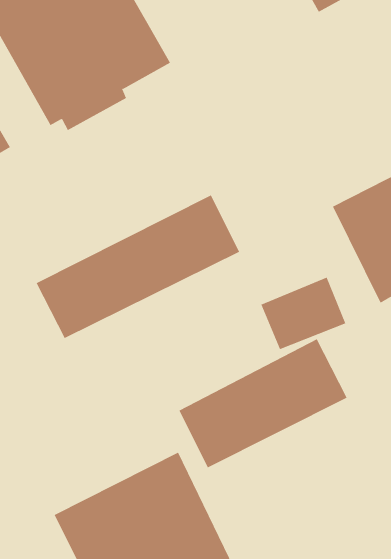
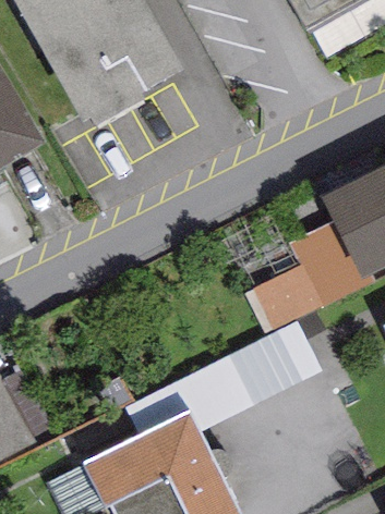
building: [36,194,240,339] -> none

